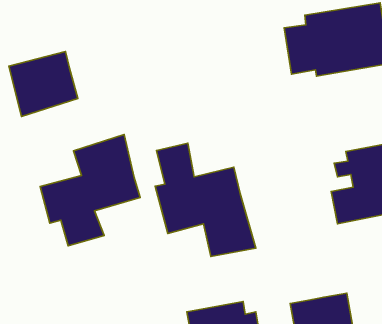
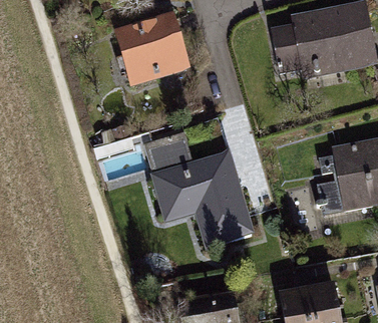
building: [9,51,78,116] -> [114,21,180,83]
building: [40,134,140,246] -> none

